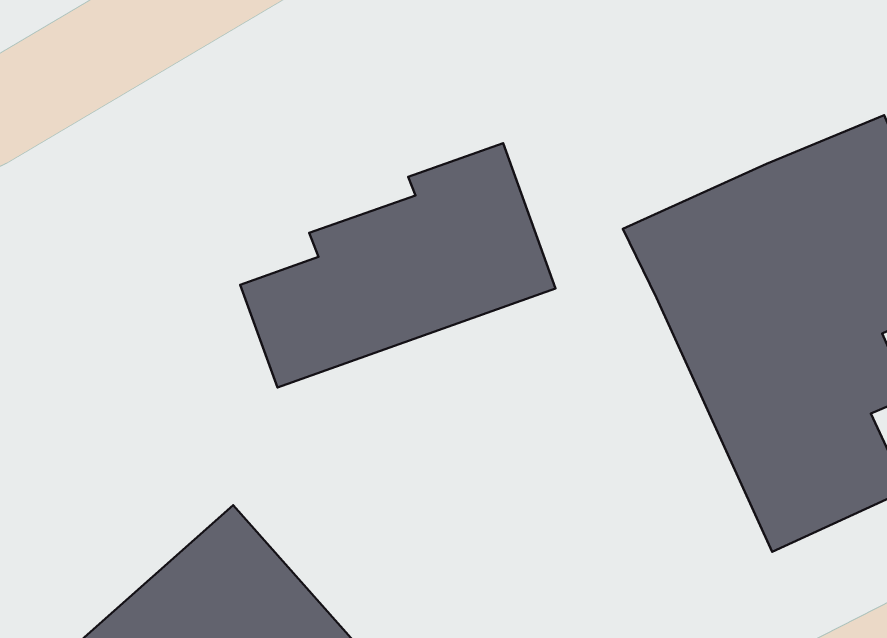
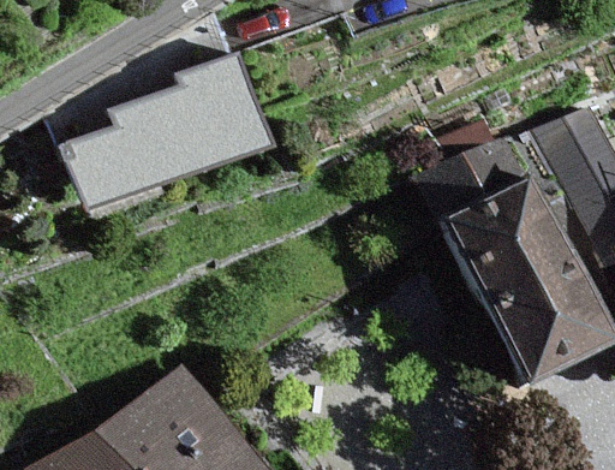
building: [240,143,555,388] -> [71,53,274,210]

